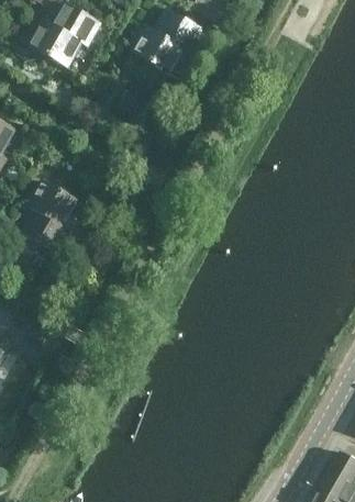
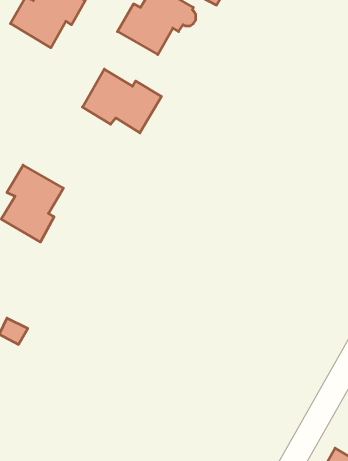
building: none -> [82,69,161,133]

